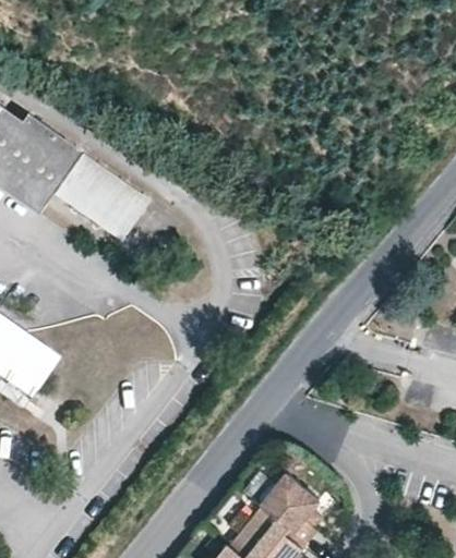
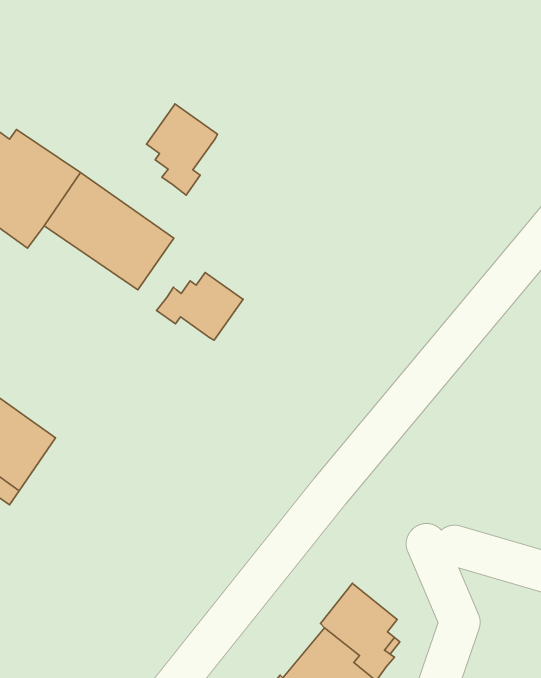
building: none -> [147,104,217,195]
building: none -> [156,273,243,340]

